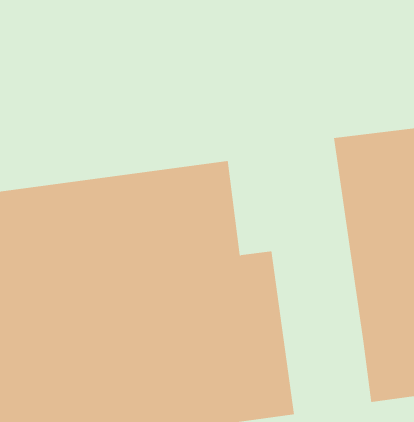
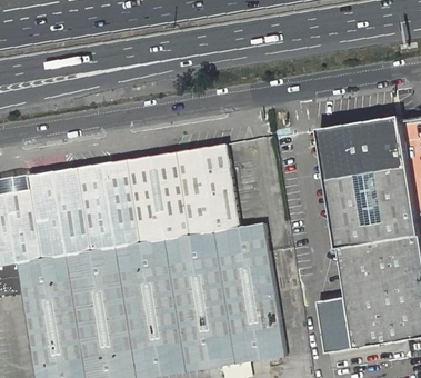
building: none -> [317,297,350,352]

